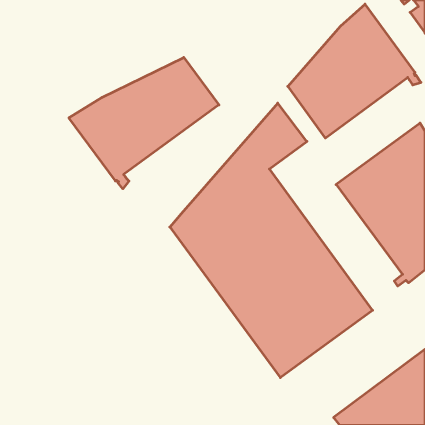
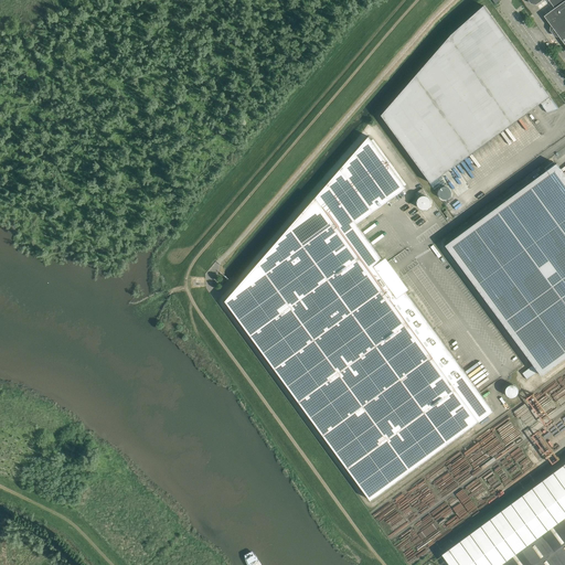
building: [69,57,219,189] -> none

